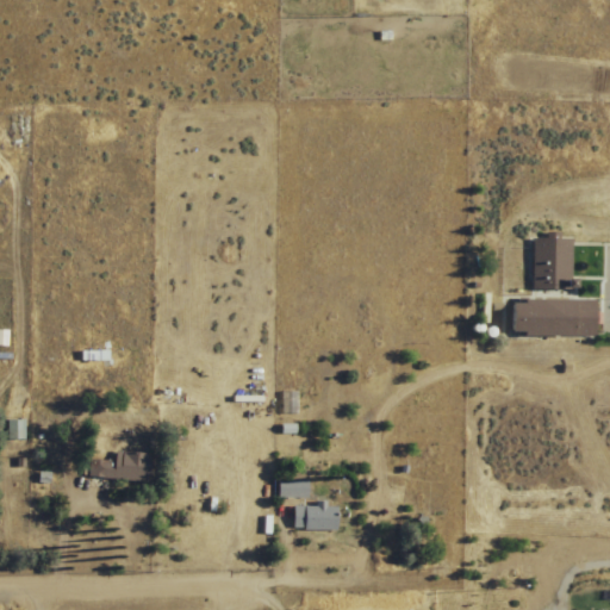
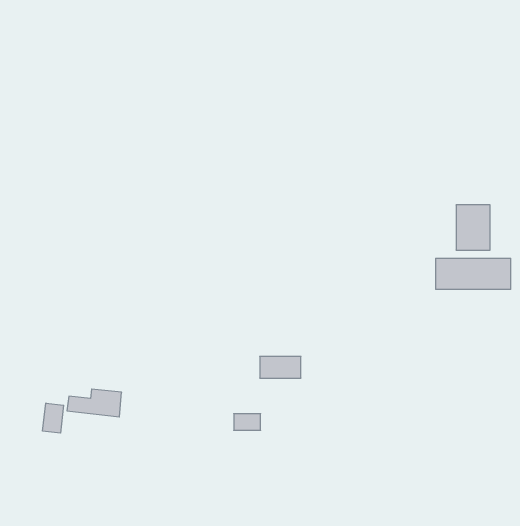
building: none -> [43,403,64,433]
building: [291,504,338,529] -> [260,356,301,378]

